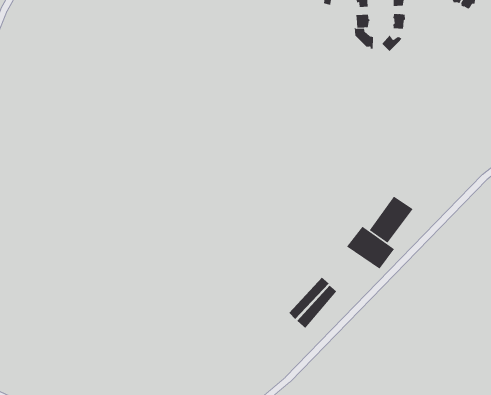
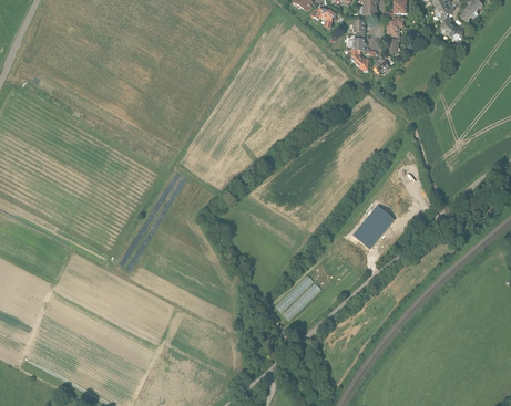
building: [346,226,395,270] -> none

